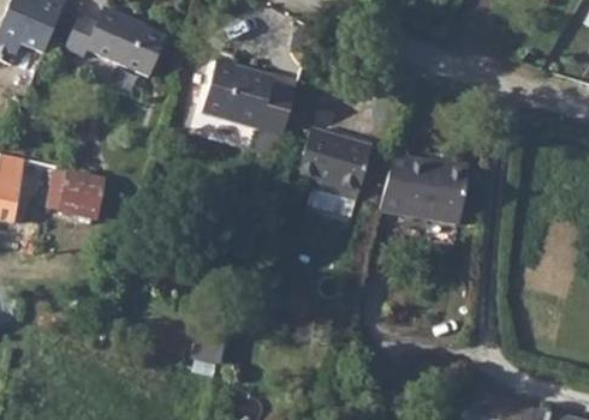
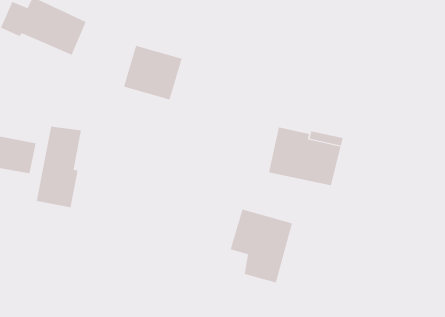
building: [298,134,373,222] -> [230,209,293,283]
building: none -> [36,126,82,208]

